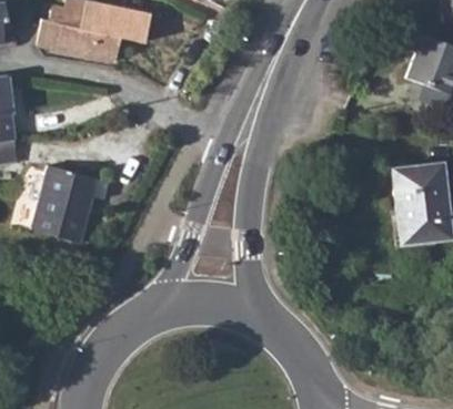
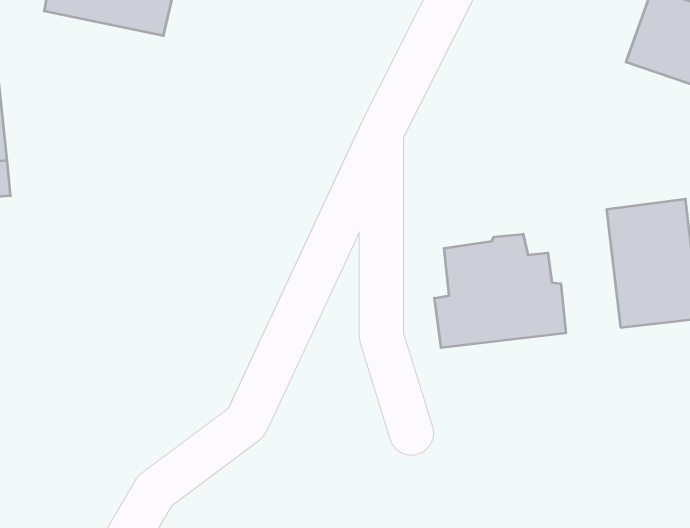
building: [28,165,107,244] -> none
building: none -> [434,234,566,348]

